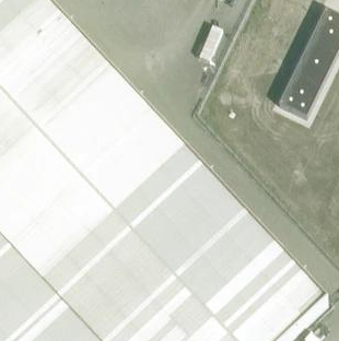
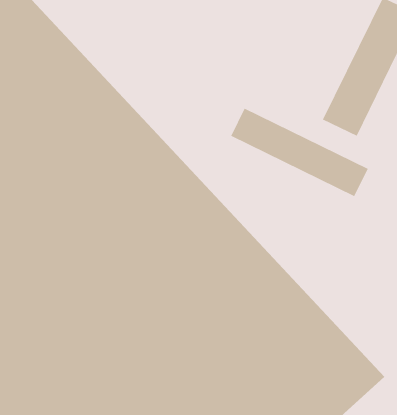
building: none -> [230,108,369,197]

